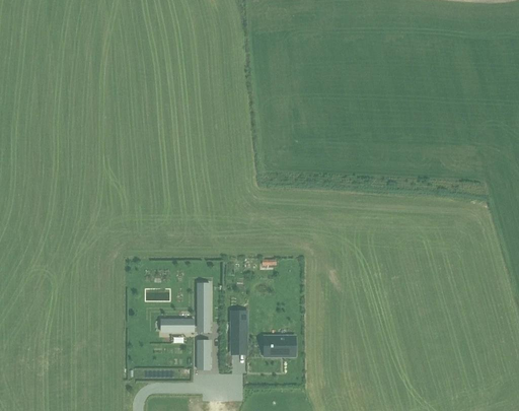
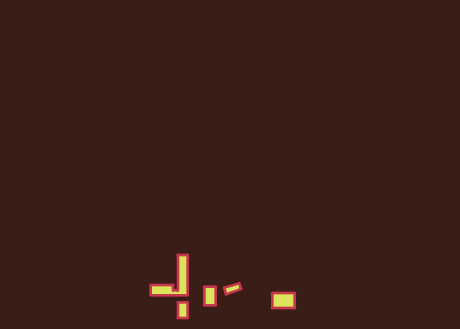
building: [265,337,290,353] -> [272,293,295,308]

